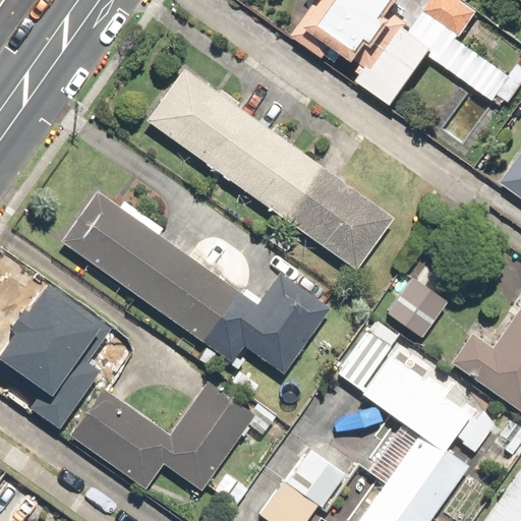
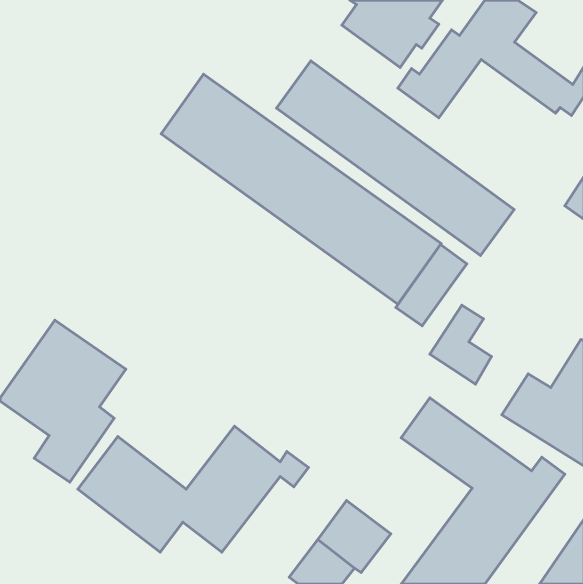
building: none -> [276,61,514,256]
building: [61,190,331,377] -> none
building: [335,317,398,390] -> [396,245,467,326]

